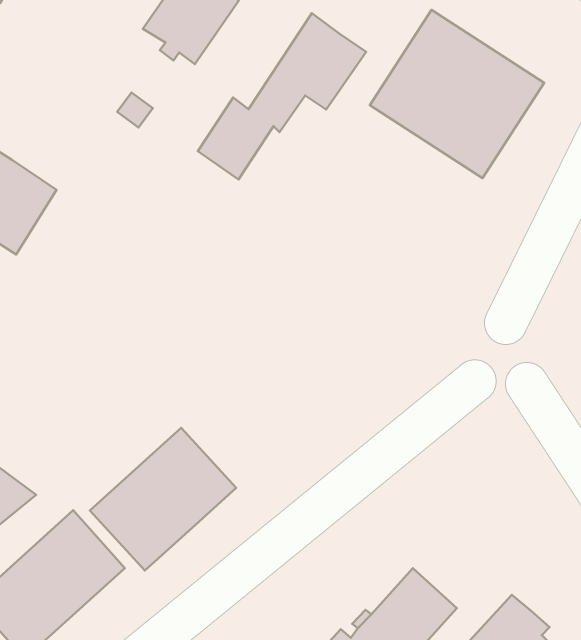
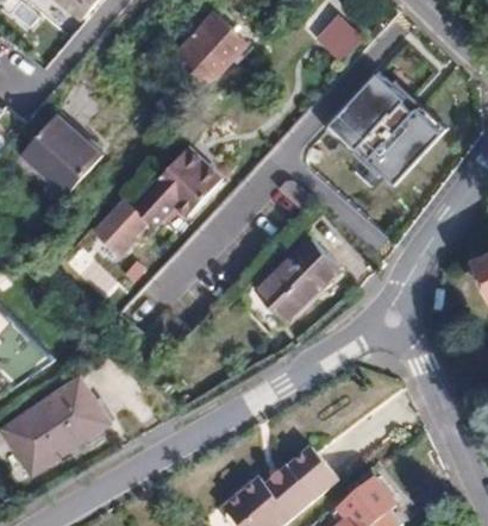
building: [198,13,366,180] -> [93,146,219,253]
building: none -> [252,239,336,323]
building: [90,428,236,571] -> none

